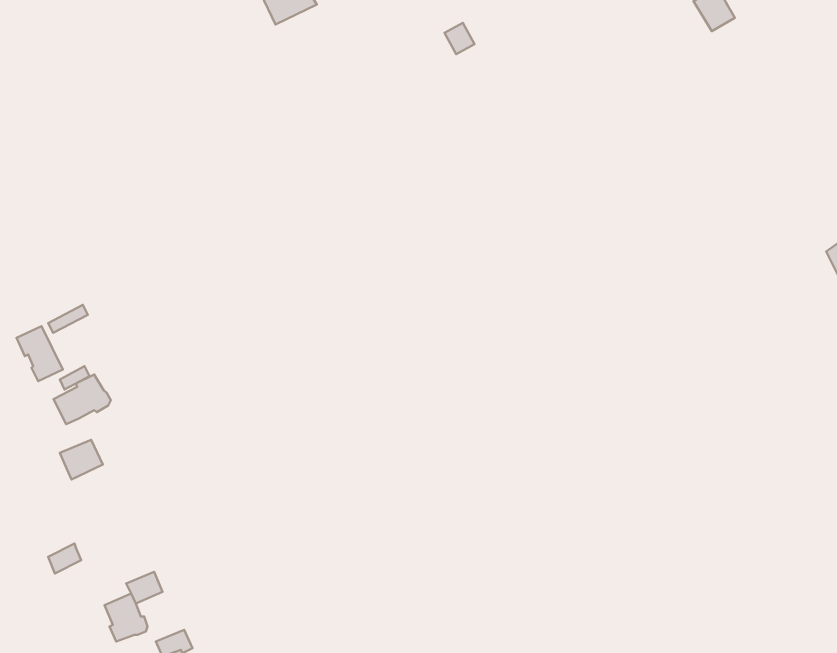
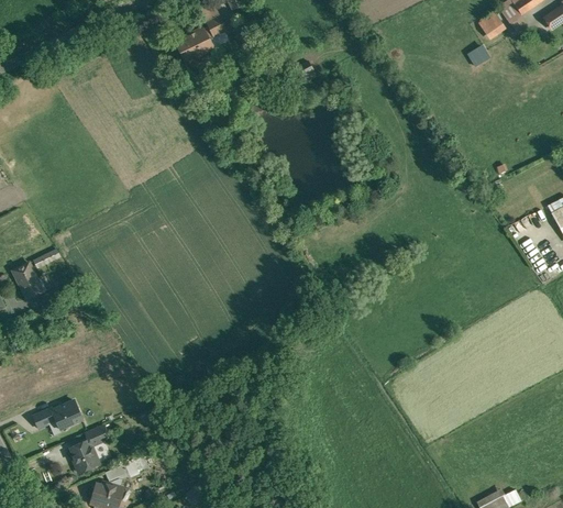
building: [54,374,111,424] -> none
building: [60,440,103,480] -> [53,401,81,428]

